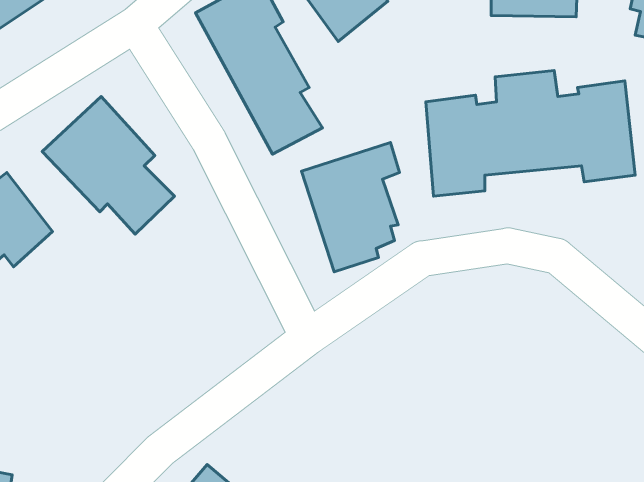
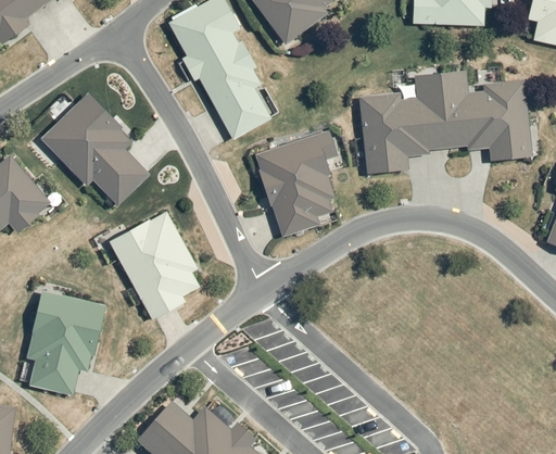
building: none -> [109,211,200,319]
building: none -> [25,290,106,394]

